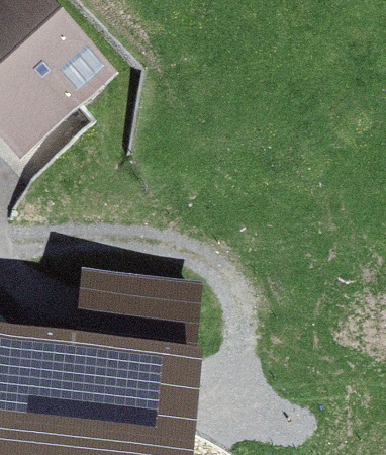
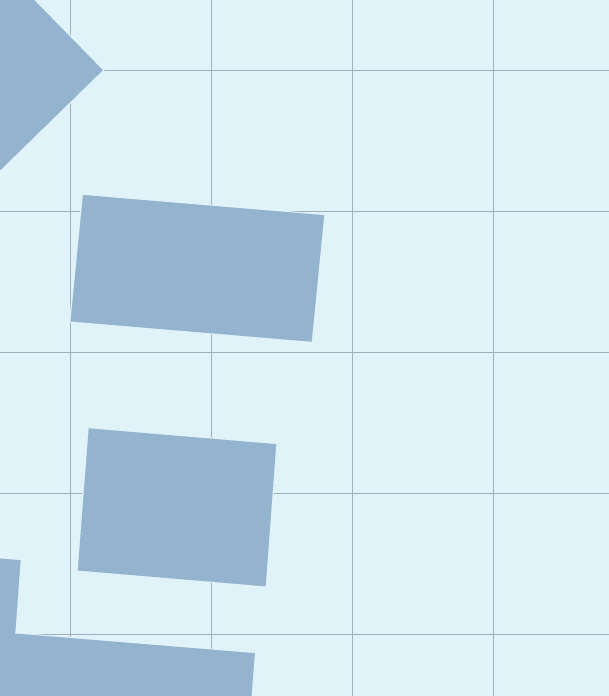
building: none -> [70,194,325,343]

